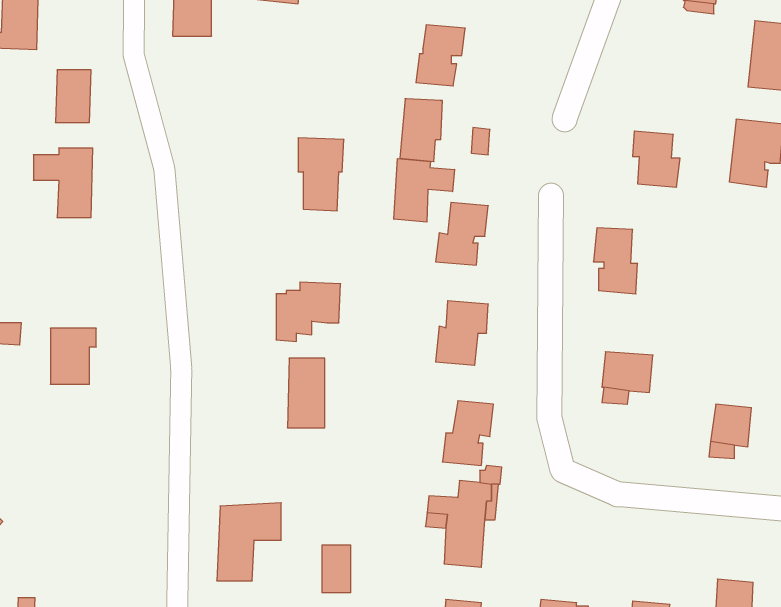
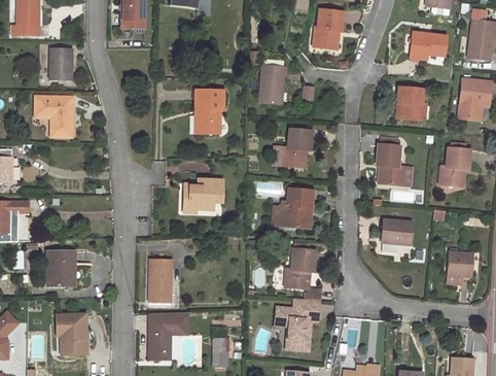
building: [416,25,465,86] -> [312,11,342,48]
building: none -> [409,31,447,61]
building: [394,159,455,222] -> none
building: none -> [439,147,469,185]
building: [50,328,96,384] -> [46,251,74,285]
building: [287,358,325,428] -> [148,260,171,302]
building: none -> [56,314,86,354]

